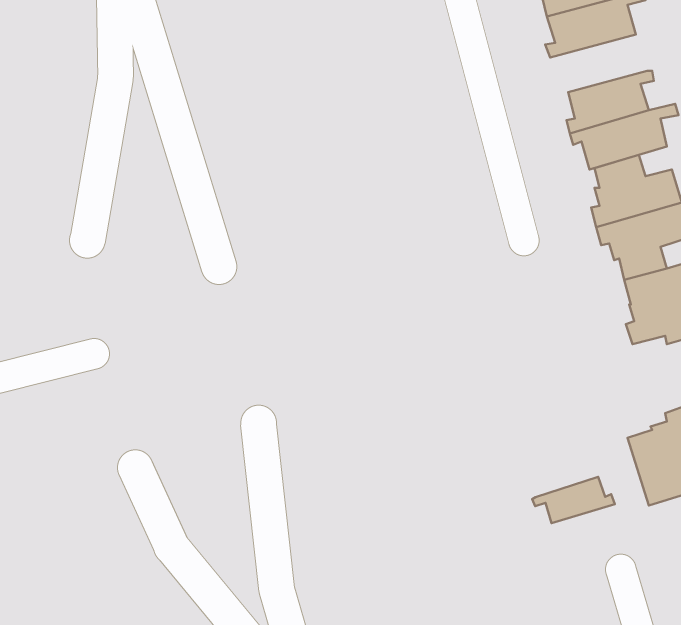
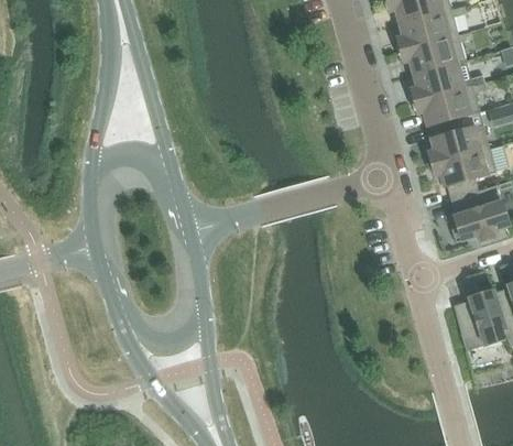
building: none -> [401,33,472,76]
building: [532,477,615,523] -> none

